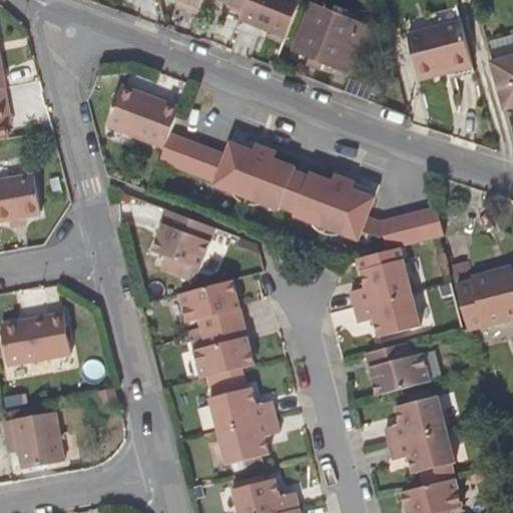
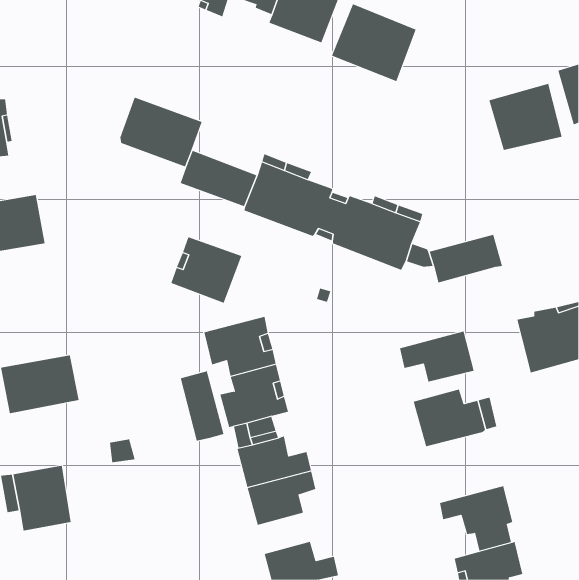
building: [406,20,471,79] -> [489,83,562,150]
building: [347,260,409,307] -> none
building: none -> [180,370,224,442]
building: [383,395,444,443] -> none

